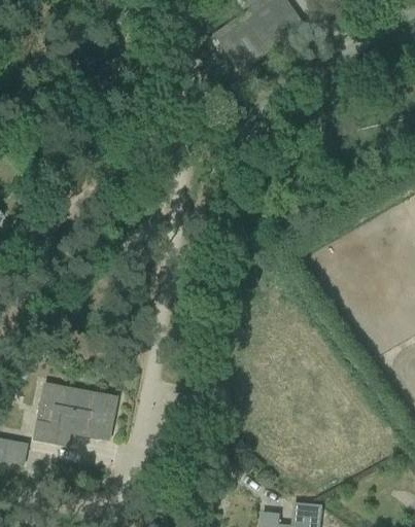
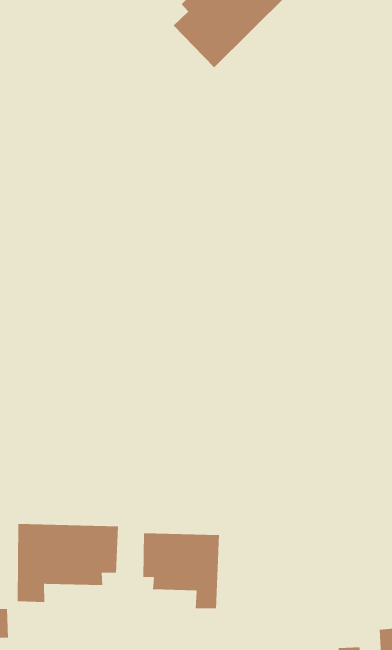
building: none -> [143,532,219,609]

